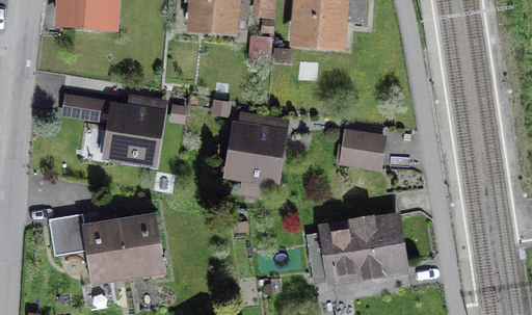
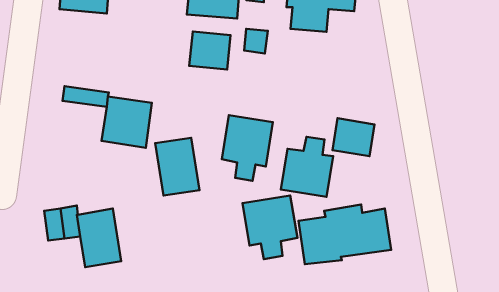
building: none -> [189,32,231,70]
building: none -> [281,137,333,197]
building: none -> [243,195,297,259]
building: [118,215,163,273] -> [155,138,199,195]

